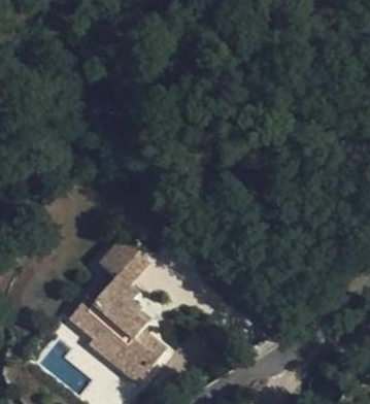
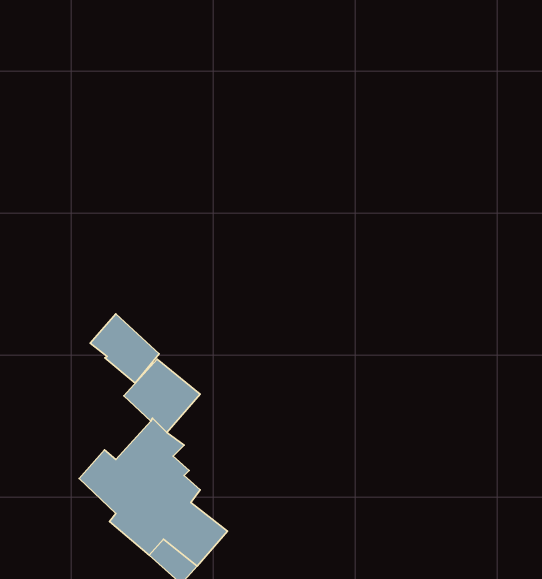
building: none -> [90,314,159,383]

